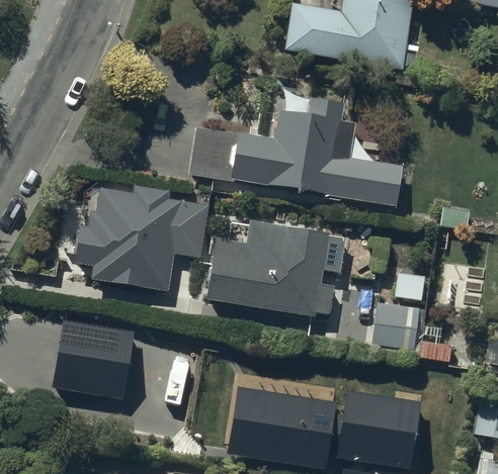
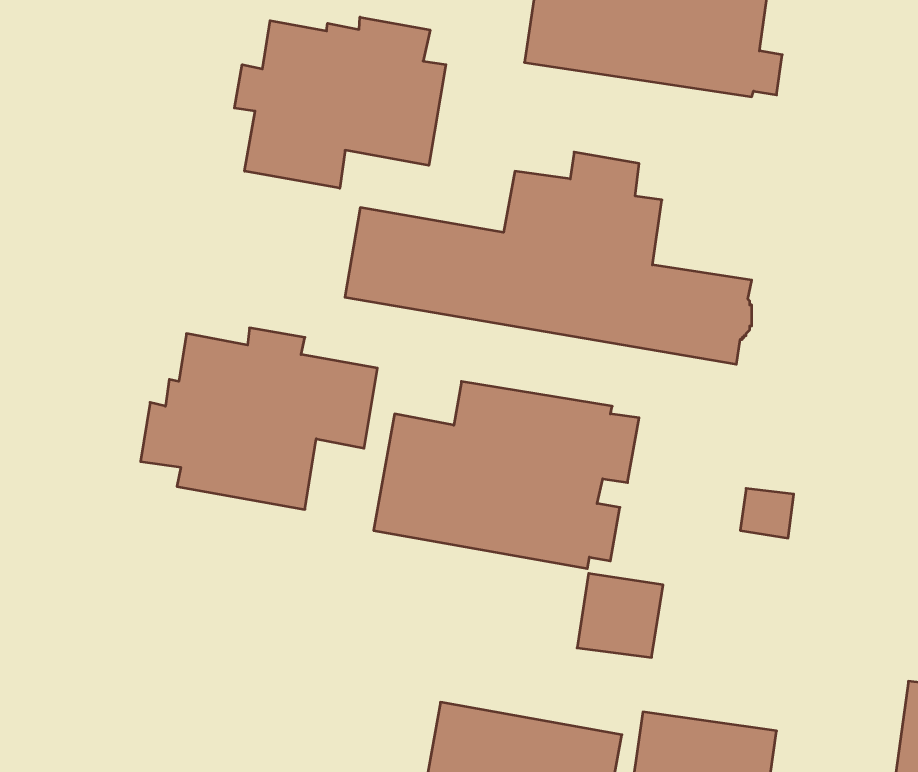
building: none -> [234,17,446,188]
building: [374,304,419,349] -> [577,573,663,657]
building: [50,317,134,398] -> none

